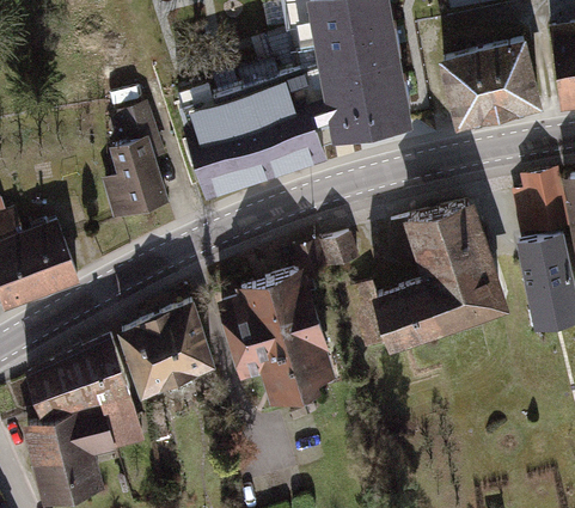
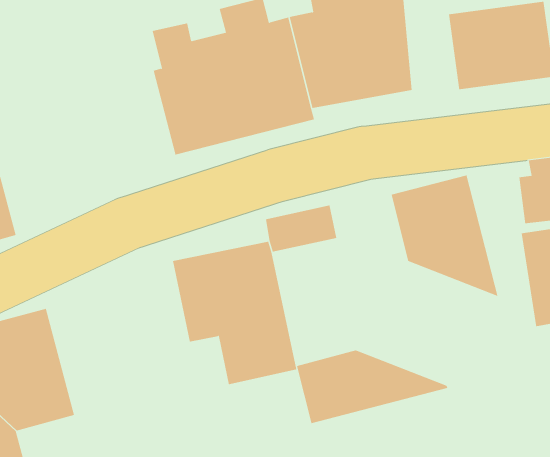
building: [104,100,169,221] -> none
building: [371,277,506,345] -> [296,350,448,424]
building: [117,306,215,398] -> none

